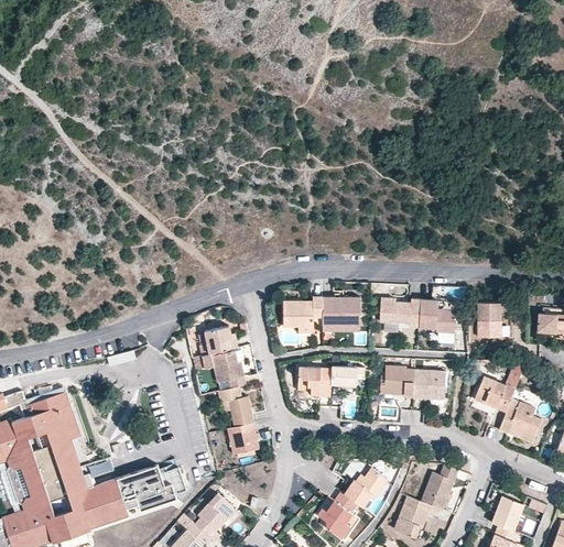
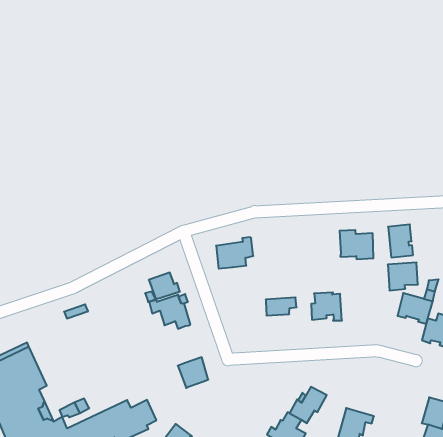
building: [323,297,360,329] -> none
building: [380,299,421,325] -> none
building: [297,367,332,396] -> none
building: [413,370,446,398] -> [388,263,418,290]
building: [218,386,254,427] -> none
building: [421,464,458,510] -> none

